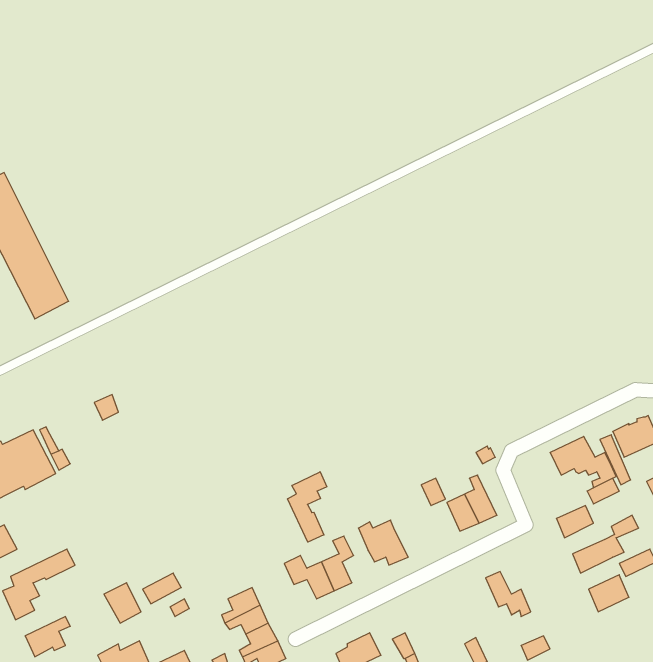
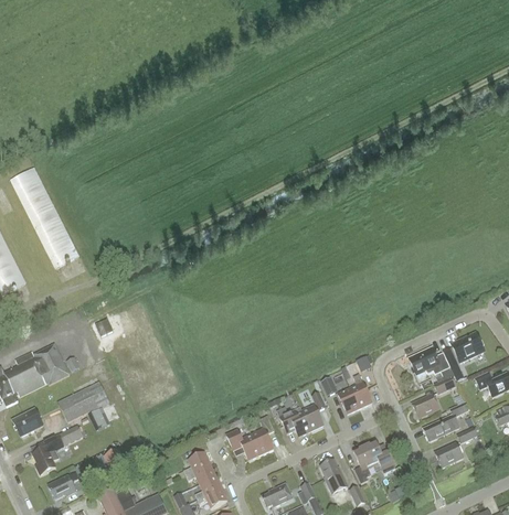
building: [288,472,327,542] -> none
building: none -> [57,380,109,421]
building: none -> [301,391,326,430]
building: none -> [353,444,373,483]
building: none -> [320,459,348,493]

